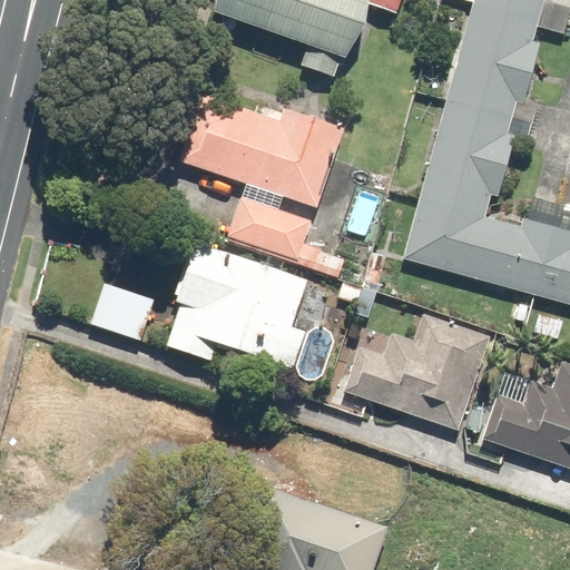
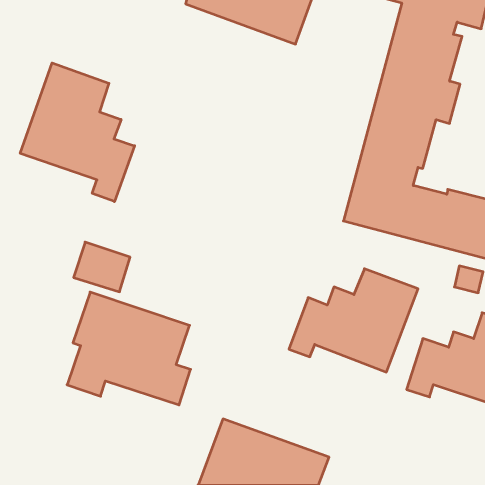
building: none -> [20,63,135,202]
building: [178,94,344,271] -> none
building: [167,243,311,374] -> [67,292,191,405]

